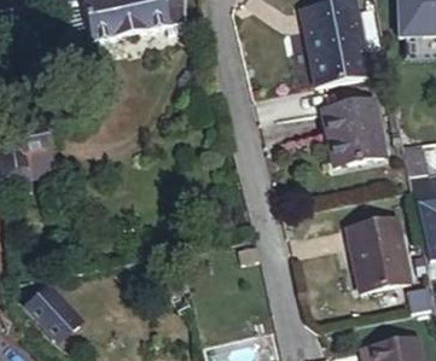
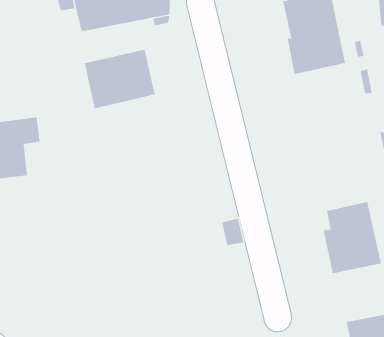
building: none -> [84,49,156,109]
building: [321,97,385,165] -> none
building: [19,280,83,347] -> none

